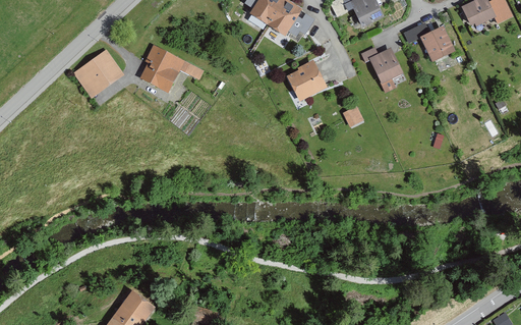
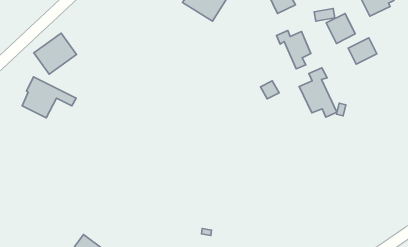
building: [139,45,204,94] -> [22,77,76,118]
building: none -> [348,38,377,64]
building: [286,60,327,102] -> none
building: none -> [299,68,337,117]

